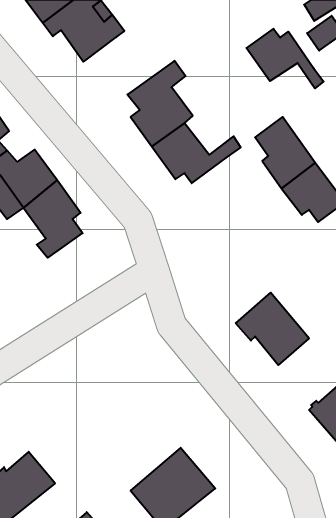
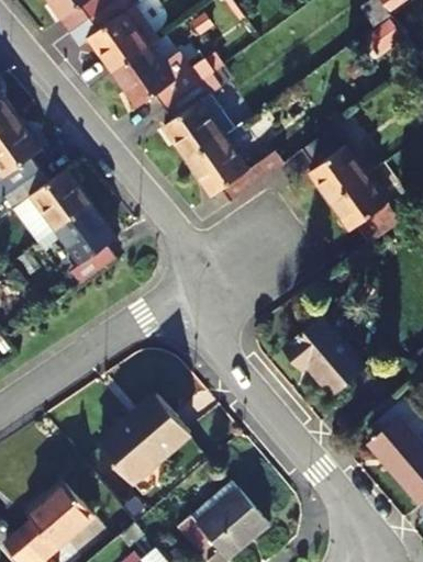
building: [246,29,324,88] -> none
building: none -> [120,44,229,105]
building: none -> [90,404,178,493]

